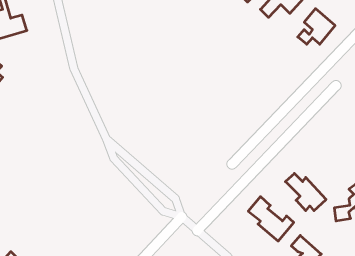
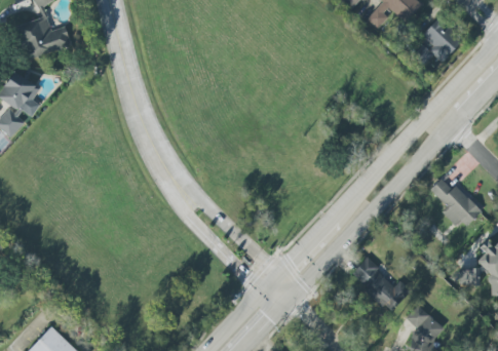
building: [285,173,326,211] -> [429,179,481,226]

